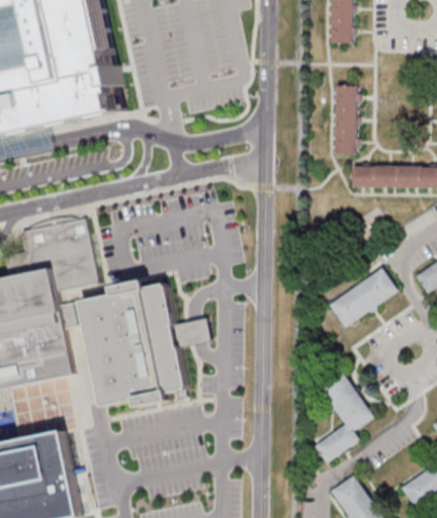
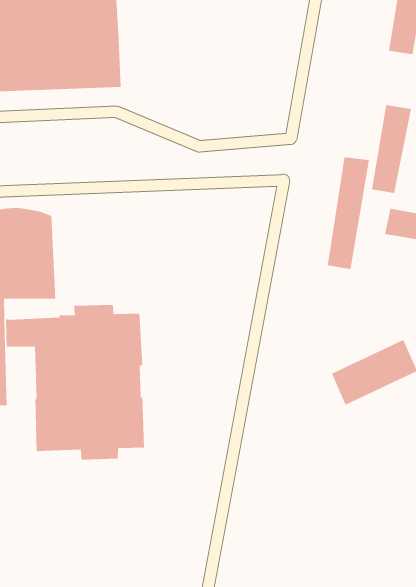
building: none -> [327,157,369,270]
building: [177,317,214,348] -> none
building: [313,364,372,464] -> none

